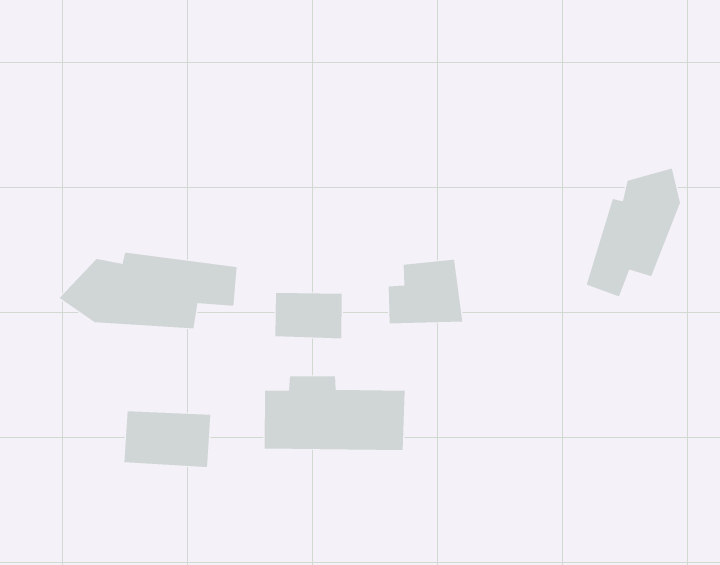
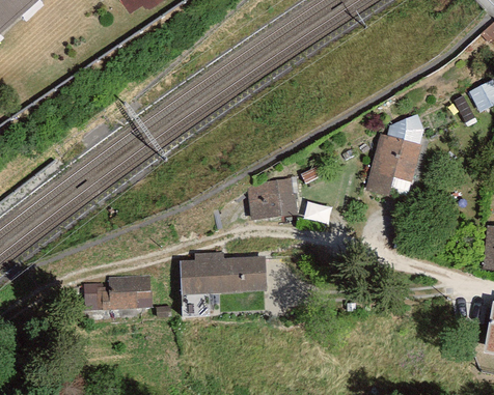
building: [58,252,237,329] -> none
building: [275,292,342,339] -> none

